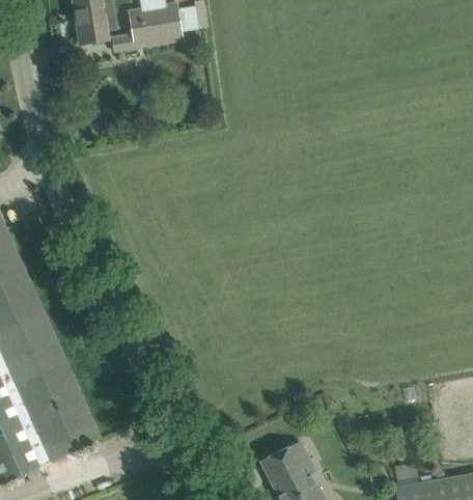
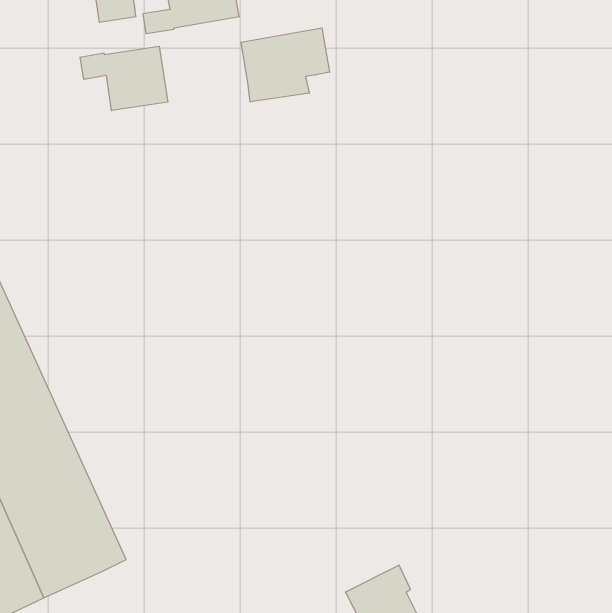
building: none -> [241,28,330,102]
building: none -> [80,46,168,111]

